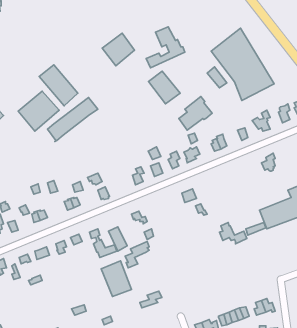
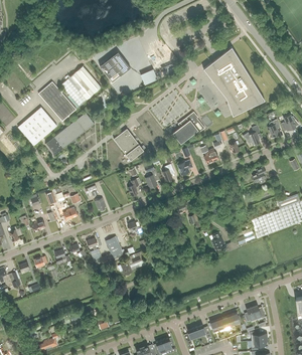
building: none -> [60,65,101,107]
building: [149,71,180,104] -> [114,129,144,160]
building: [101,261,131,296] -> none

